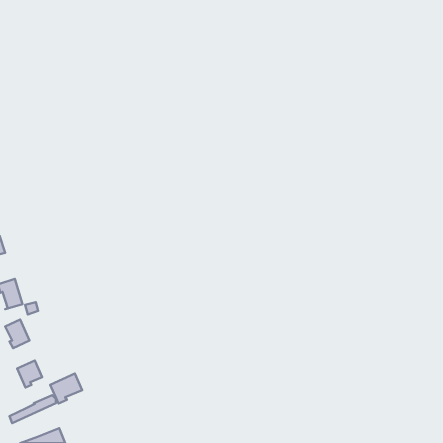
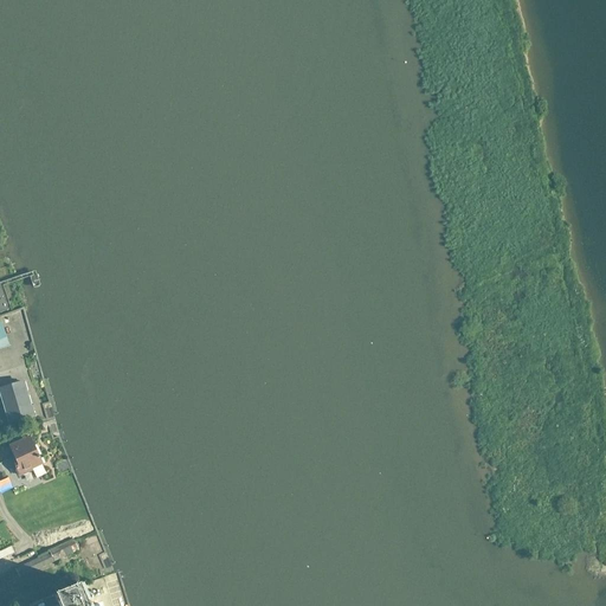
building: [17,361,42,387] -> none
building: [50,374,82,403] -> none

